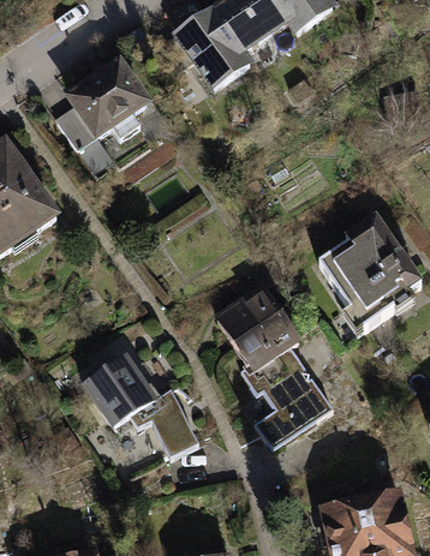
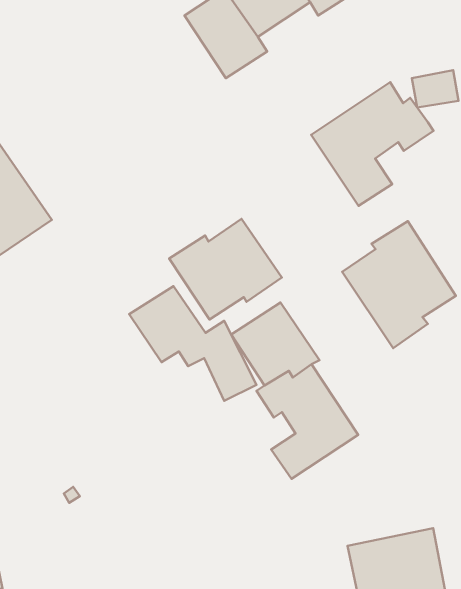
building: [58,60,147,147] -> none
building: none -> [311,82,433,206]
building: none -> [169,219,282,319]
building: [84,354,198,458] -> [129,286,256,401]

